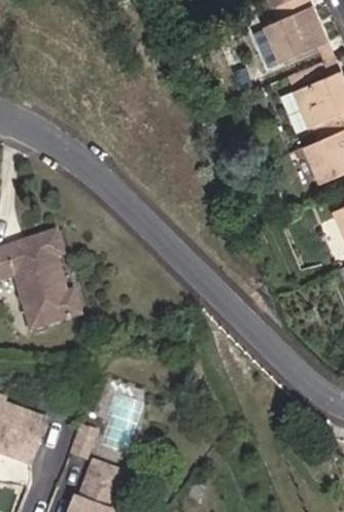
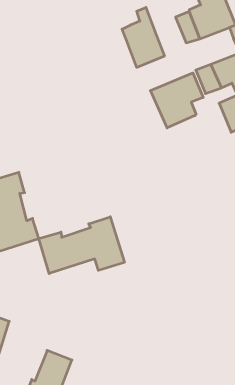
building: none -> [122,7,164,67]
building: none -> [150,73,203,128]
building: none -> [39,217,124,274]

